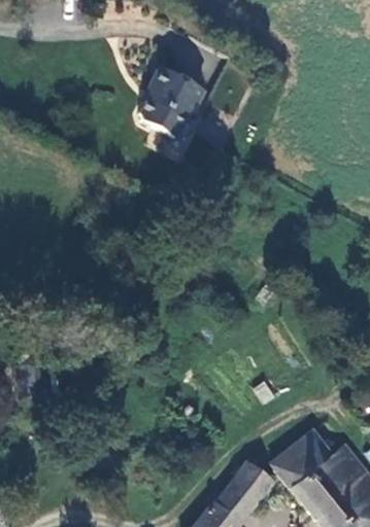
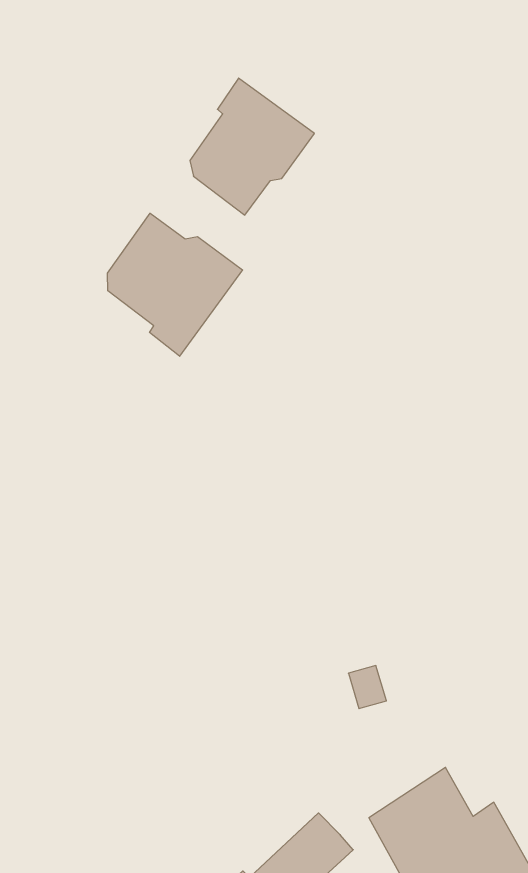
building: none -> [107,213,243,356]

